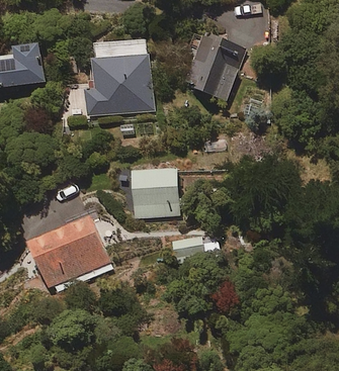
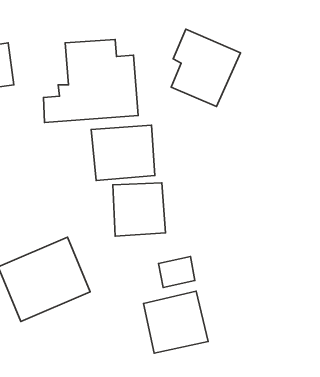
building: none -> [91,125,155,181]
building: none -> [143,291,208,353]

